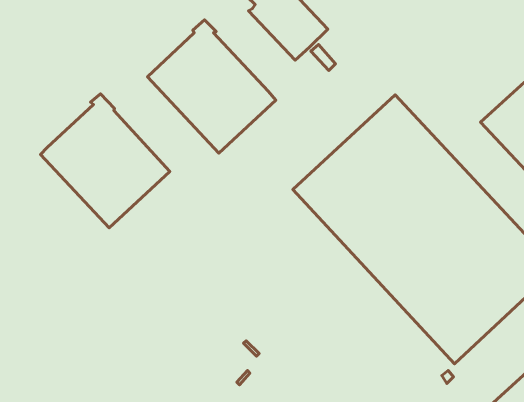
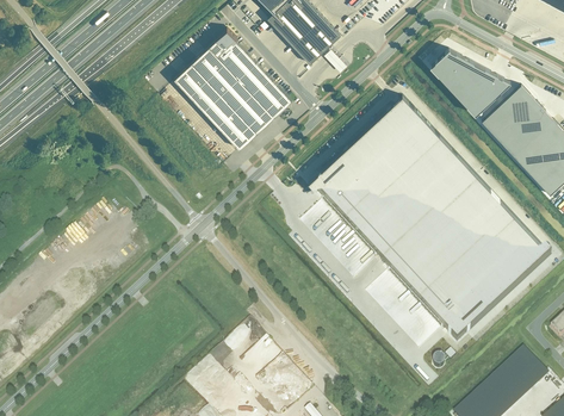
building: none -> [429,48,510,114]
building: [41,94,170,228] -> none

